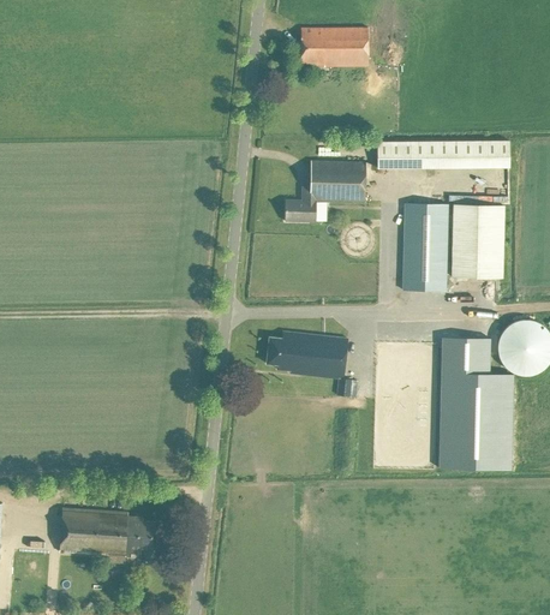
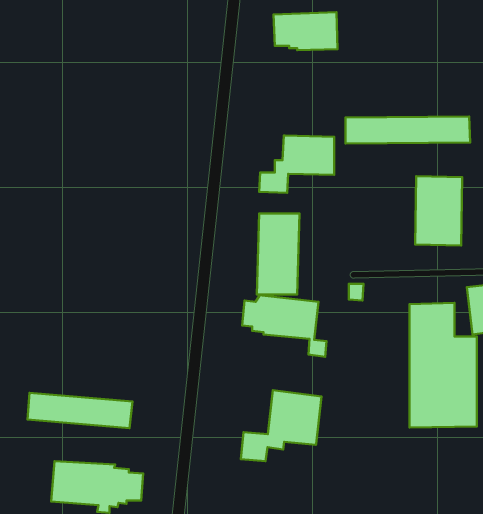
building: [400,203,446,289] -> [257,214,299,294]
building: none -> [241,390,321,461]
building: none -> [27,393,132,428]

